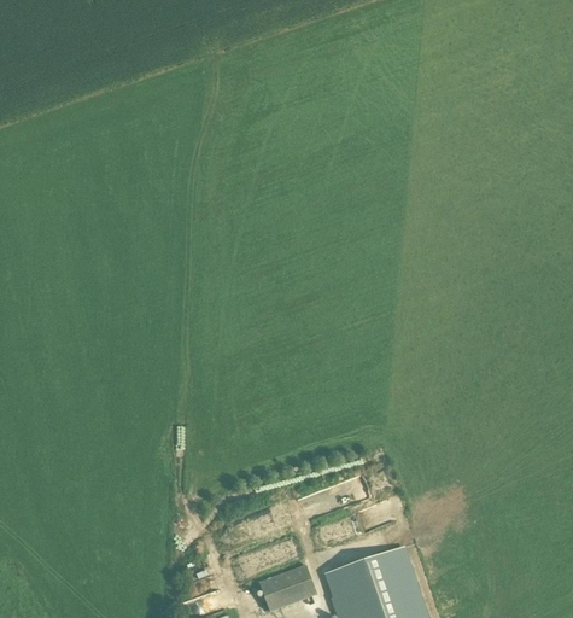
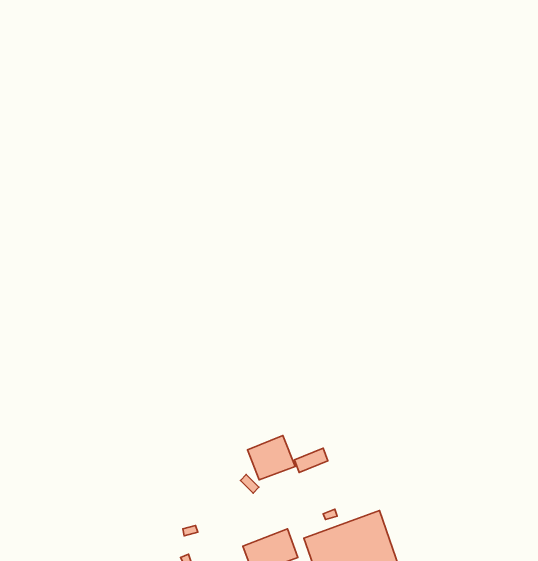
building: none -> [247,435,295,480]

